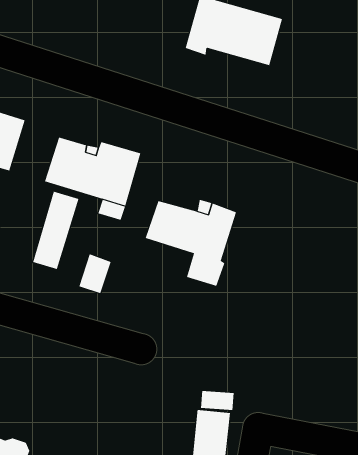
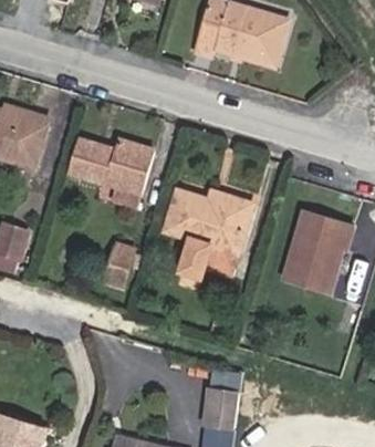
building: [33,191,79,270] -> none
building: none -> [279,210,353,294]

